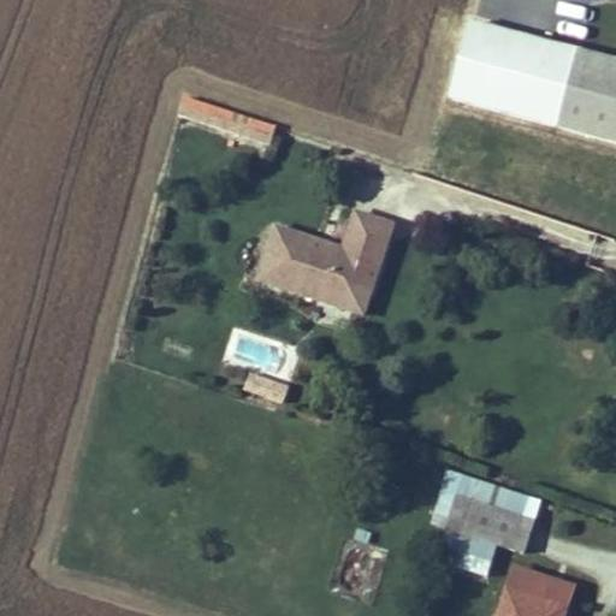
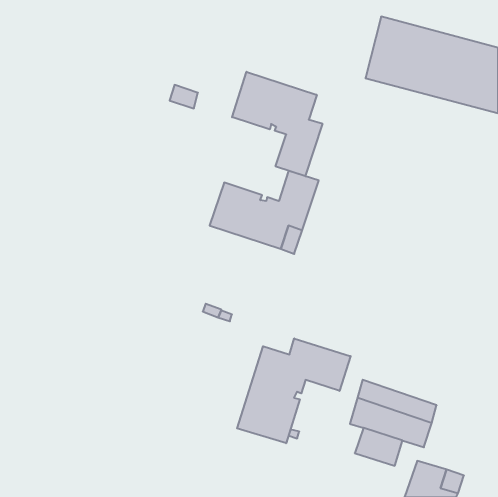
building: none -> [232,72,322,176]
building: none -> [237,338,351,443]

